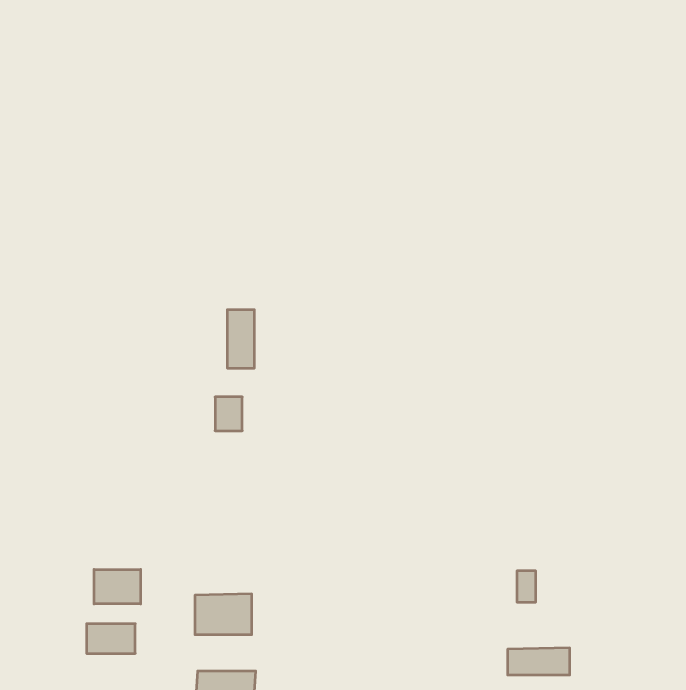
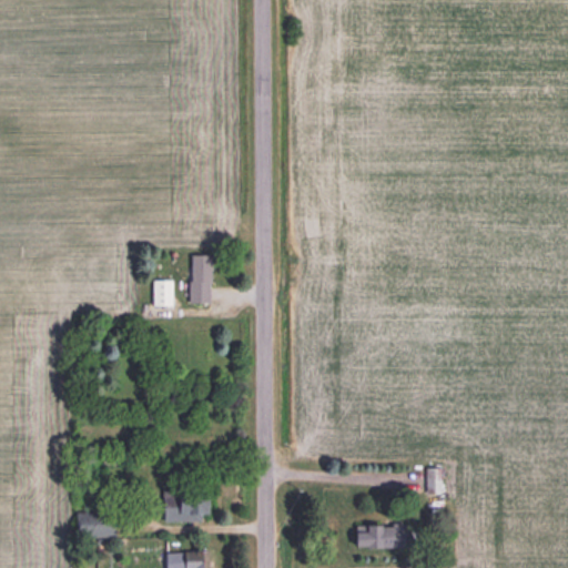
building: [215,397,242,431] -> [154,278,176,306]
building: [94,569,141,604] -> none
building: [508,648,570,675] -> [352,526,403,548]

